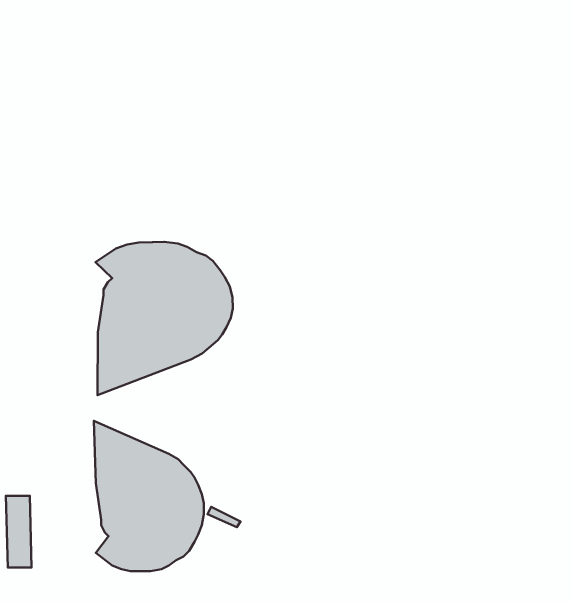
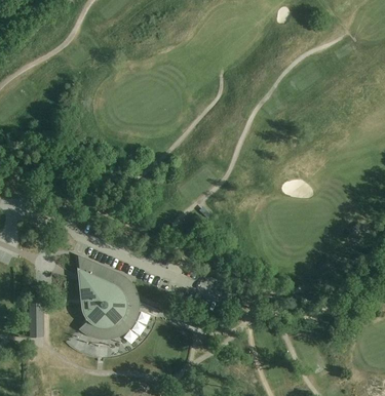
building: [96,242,233,395] -> none

